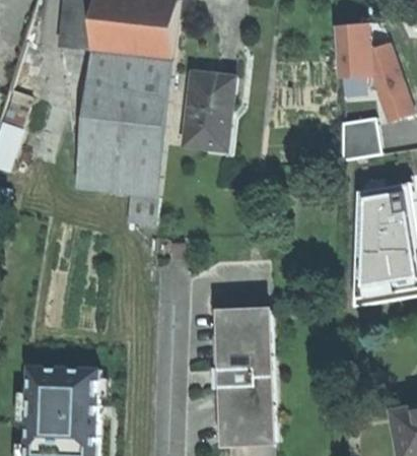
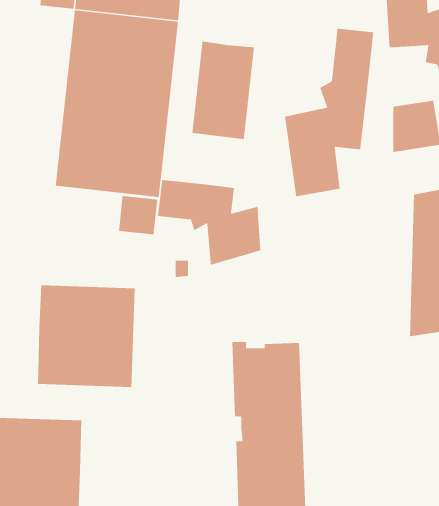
building: none -> [284,28,374,197]
building: none -> [157,179,261,266]
building: none -> [37,285,135,388]

